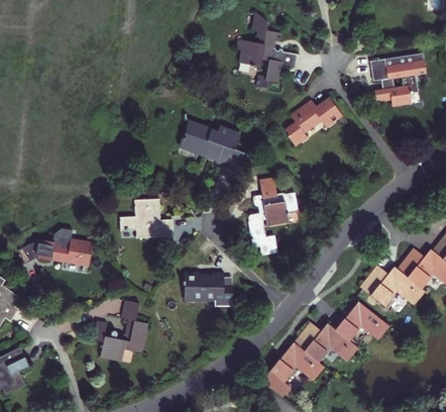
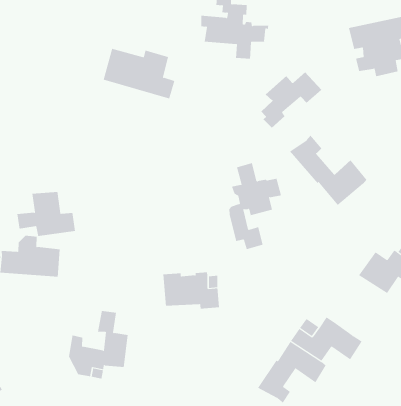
building: [180,120,245,171] -> [103,48,175,99]
building: none -> [289,135,367,206]
building: [120,200,173,239] -> [17,191,76,237]
building: [338,301,393,341] -> none

